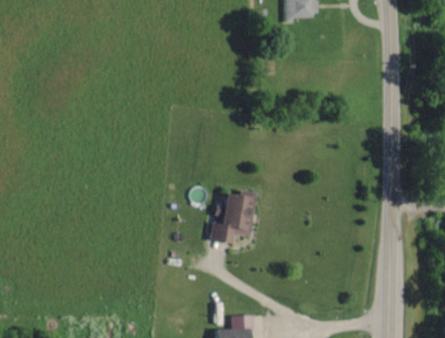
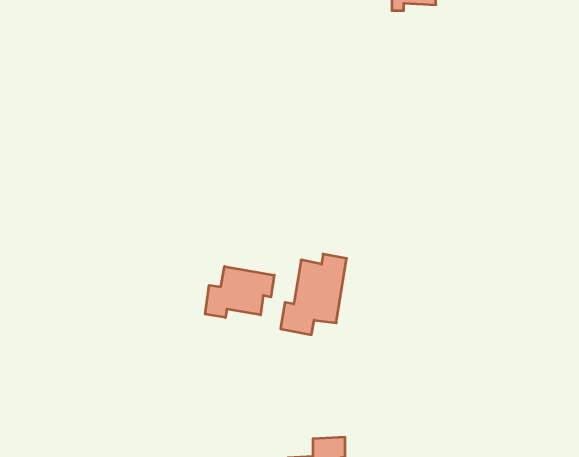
building: none -> [205,266,274,318]

